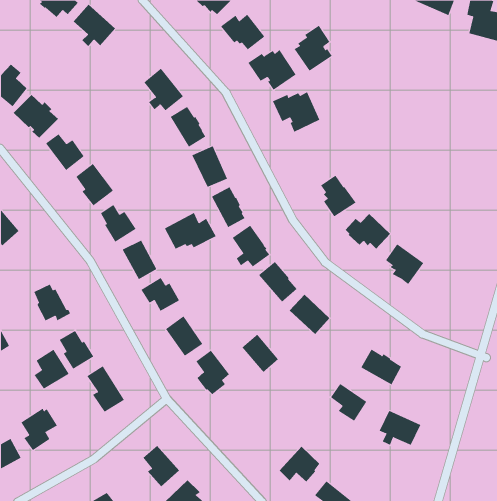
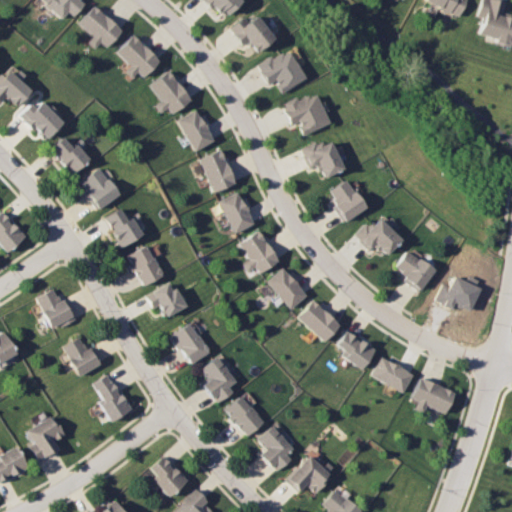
building: [294,25,333,72] -> none
building: none -> [117,35,160,78]
building: none -> [301,141,344,178]
building: [164,212,216,250] -> none
building: none -> [436,274,481,311]
building: [242,334,279,373] -> [227,396,265,436]
building: [34,349,70,389] -> none
building: [330,383,367,422] -> [338,330,376,369]
building: [379,410,421,446] -> [413,377,456,413]
building: none -> [260,426,295,473]

